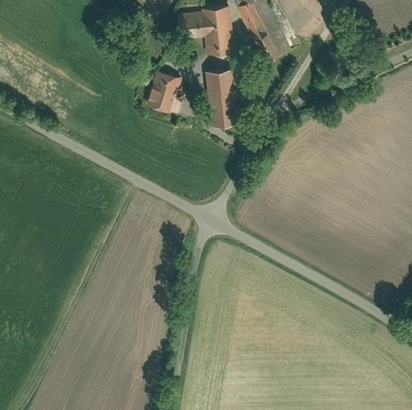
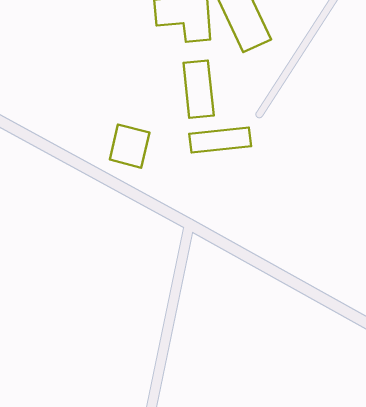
building: [150,71,187,112] -> [110,124,149,168]
building: none -> [189,127,251,152]

